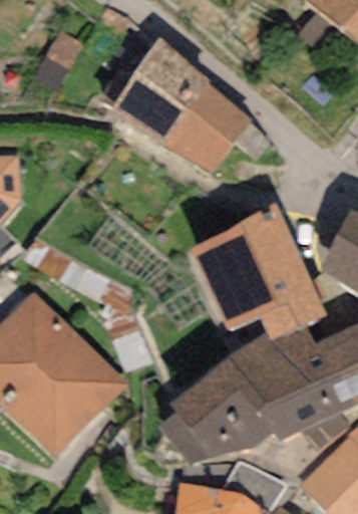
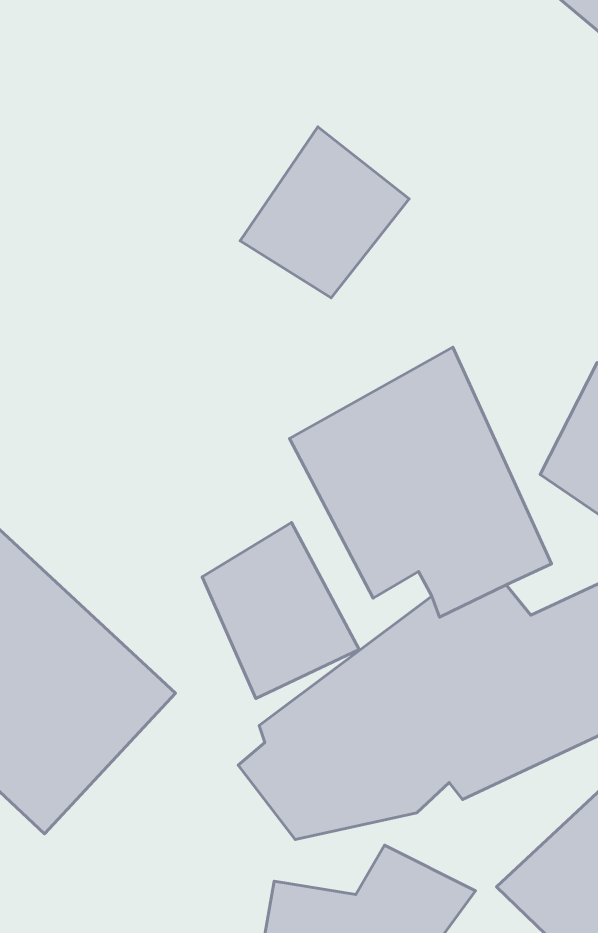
building: [107,38,208,145] -> none
building: none -> [202,523,359,699]

